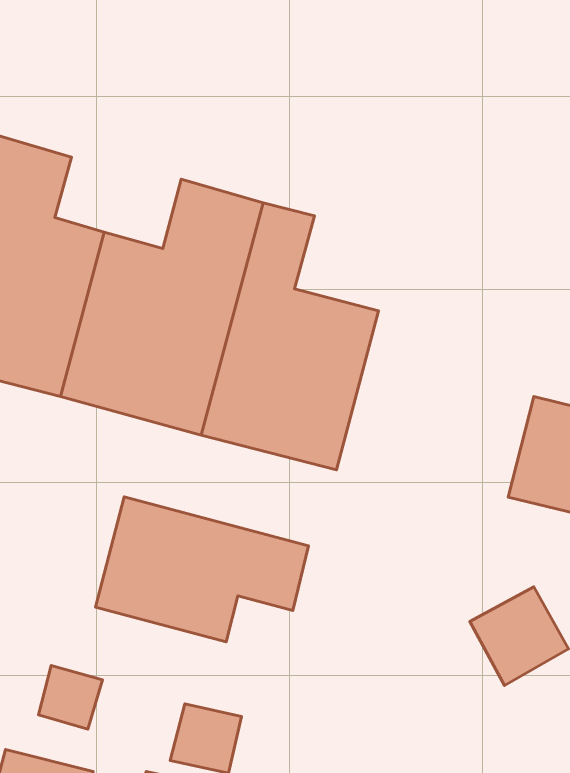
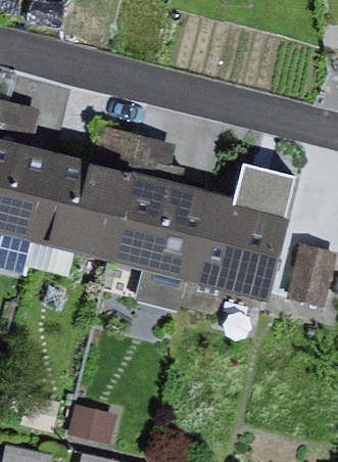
building: none -> [183,168,294,314]
building: [96,497,308,642] -> none

